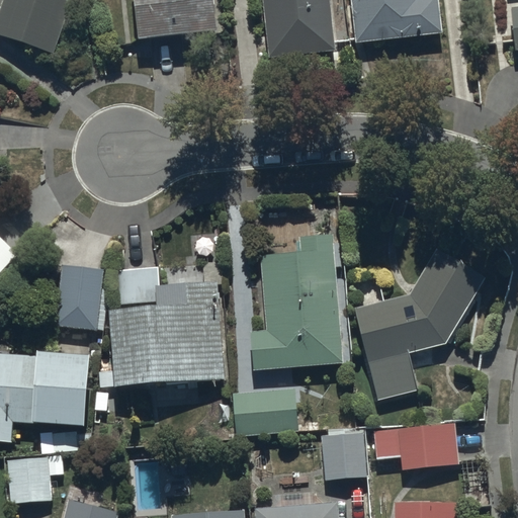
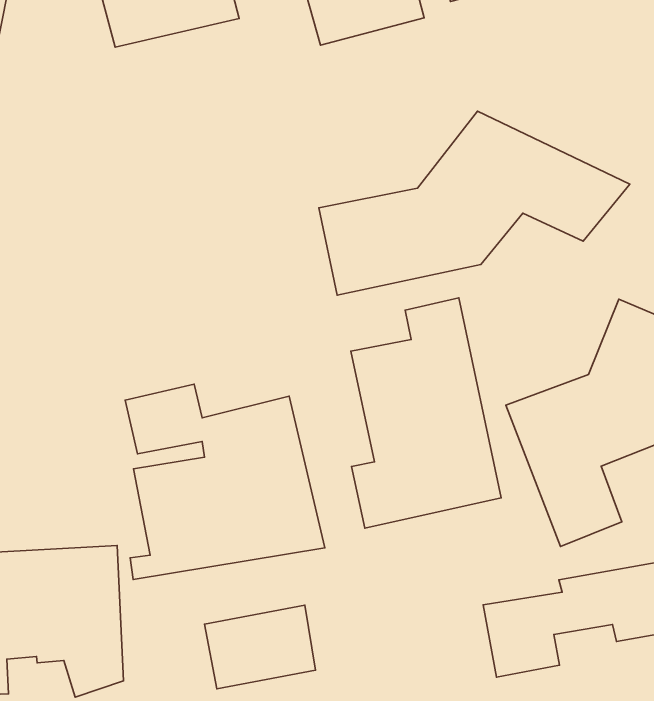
building: none -> [319,111,630,295]
building: [57,265,103,330] -> none
building: [231,387,297,433] -> [204,605,315,689]

